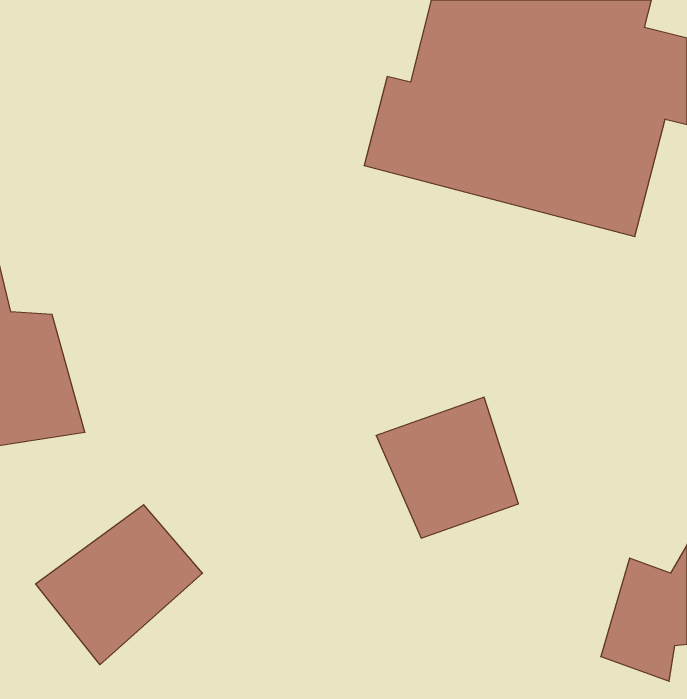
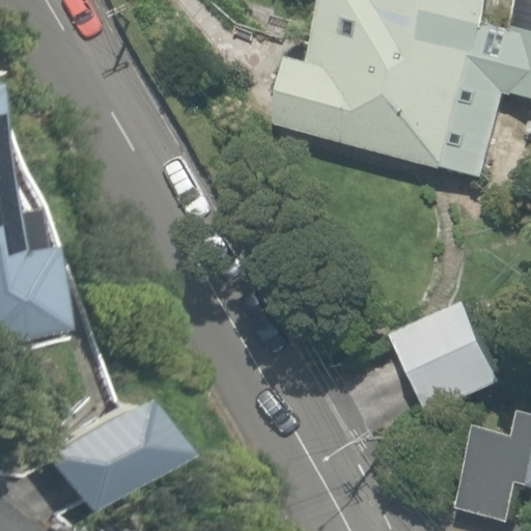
building: [376,397,518,538] -> [387,299,495,406]

